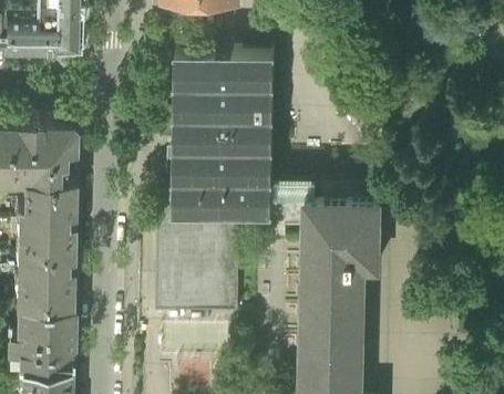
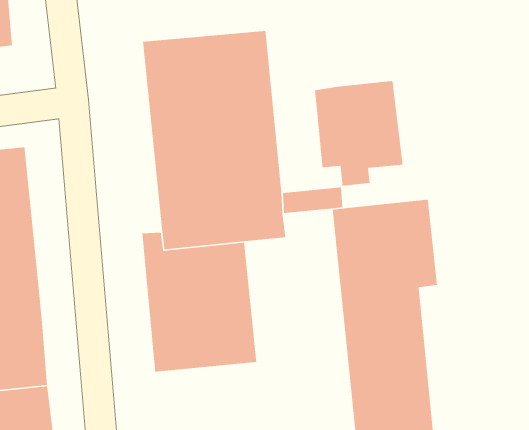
building: none -> [314,80,403,186]

